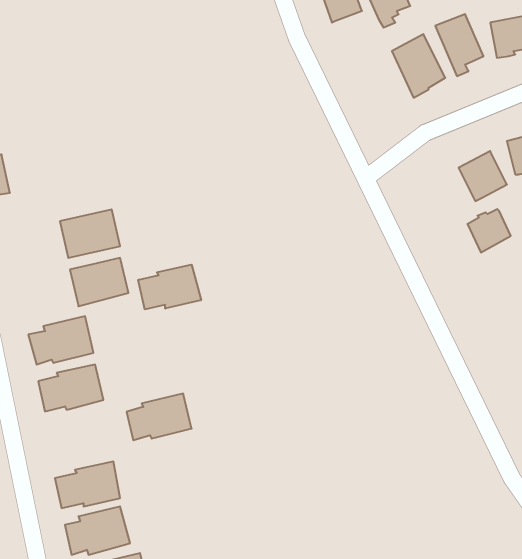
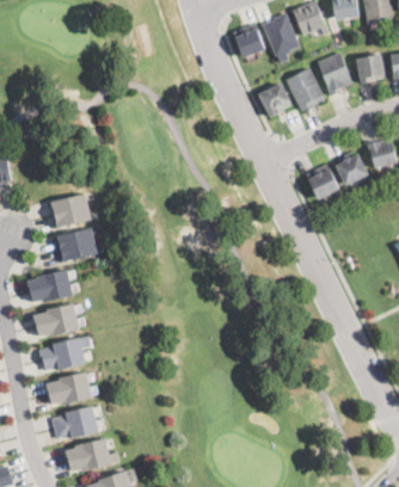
building: none -> [258,82,291,118]
building: [467,209,511,252] -> [307,168,338,199]
building: [138,265,201,309] -> none
building: [127,394,192,440] -> [38,338,85,371]

